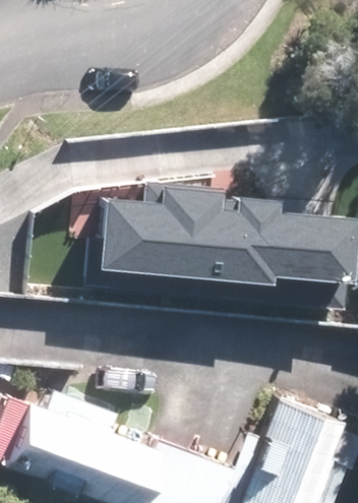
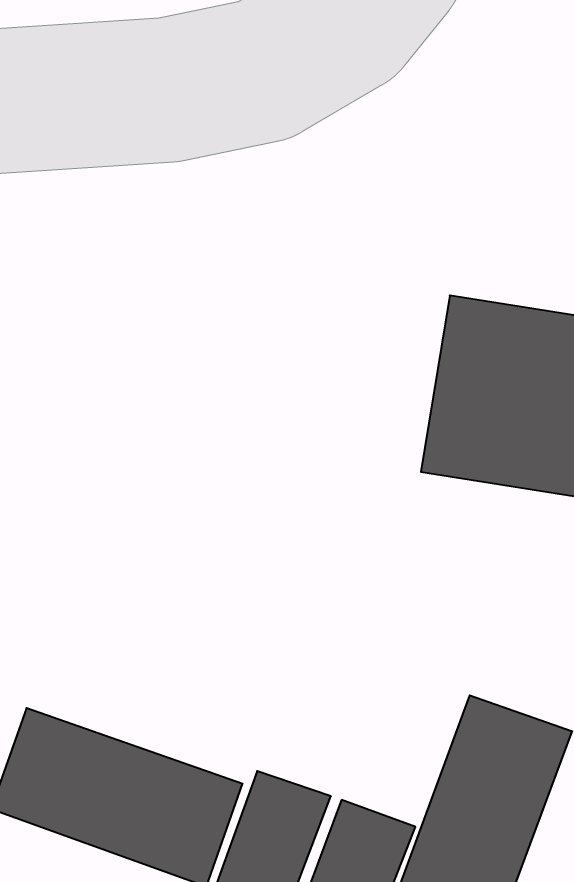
building: [68,207,226,297] -> none

